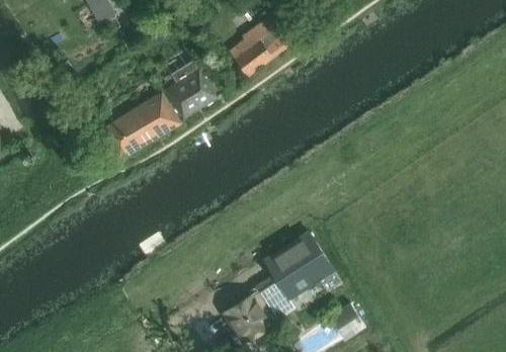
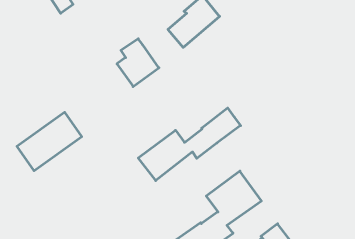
building: [99,92,180,162] -> [17,112,82,171]
building: none -> [138,108,241,181]

